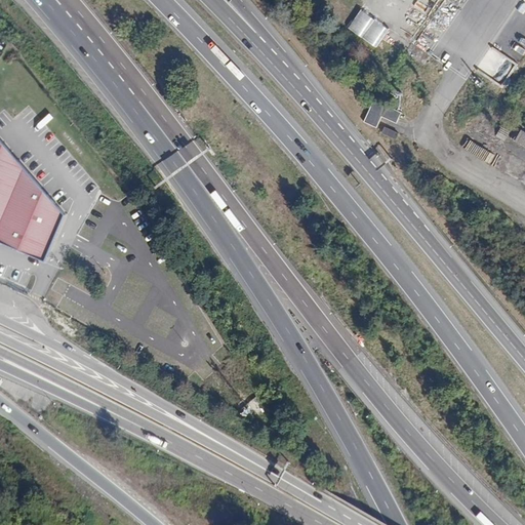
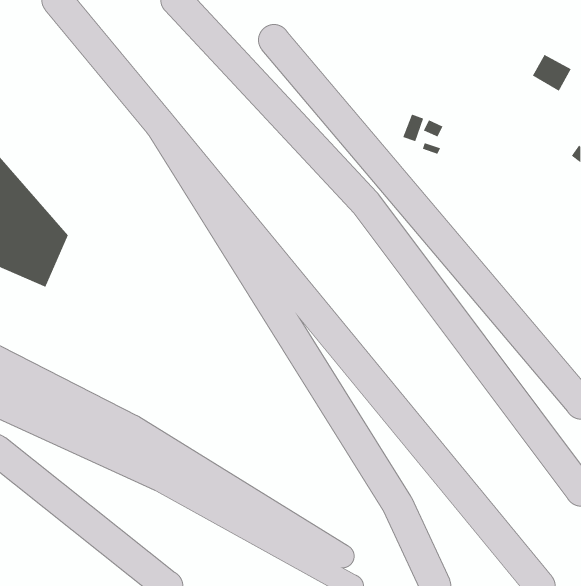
building: [345,10,385,46] -> none

